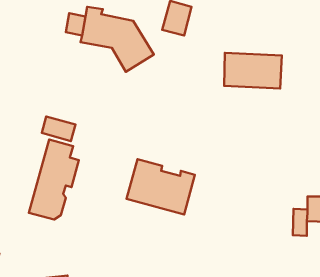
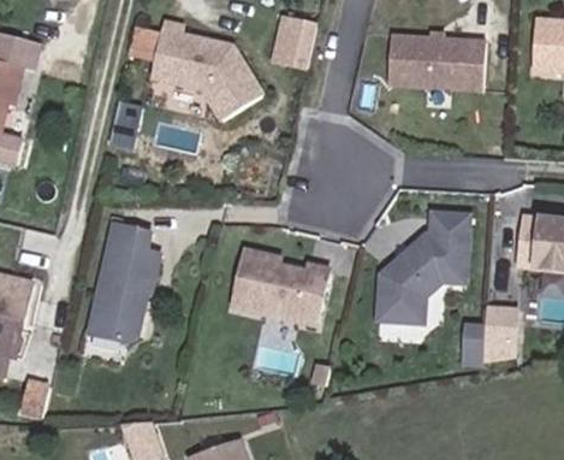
building: [224,53,282,88] -> [402,34,486,85]
building: [42,117,75,141] -> none
building: none -> [387,208,473,318]

